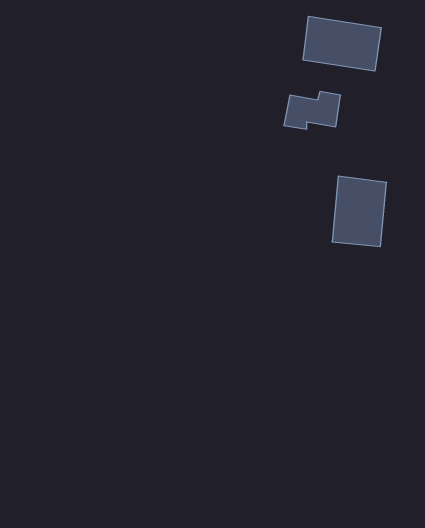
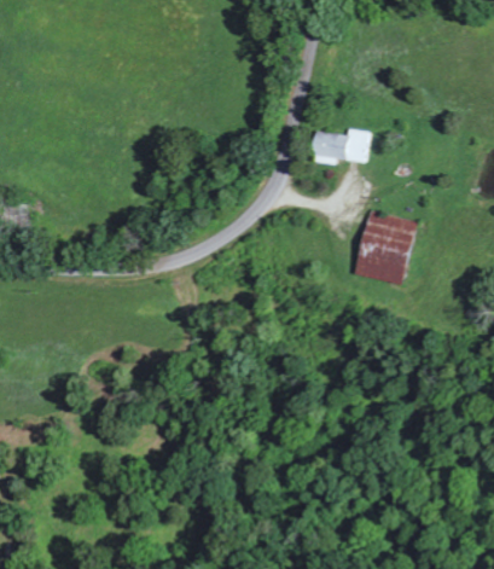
building: [303,16,381,71] -> none

